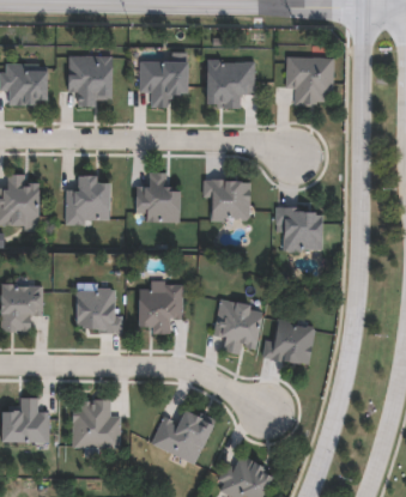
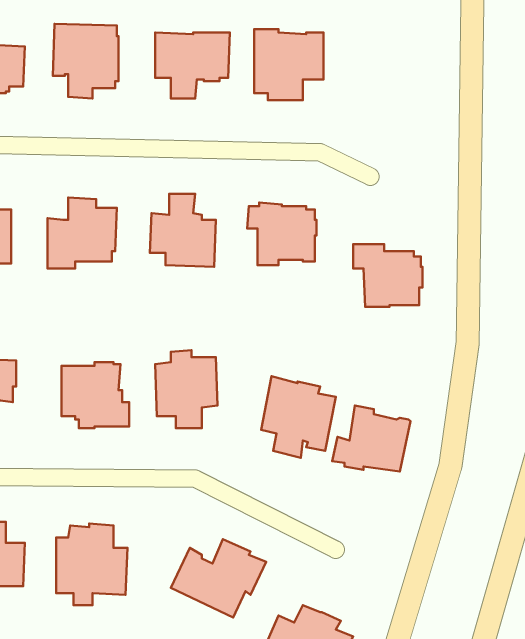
building: [285,56,334,105] -> none

